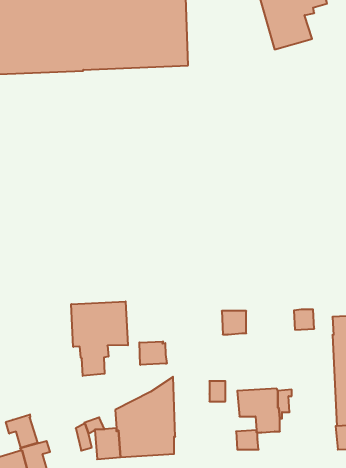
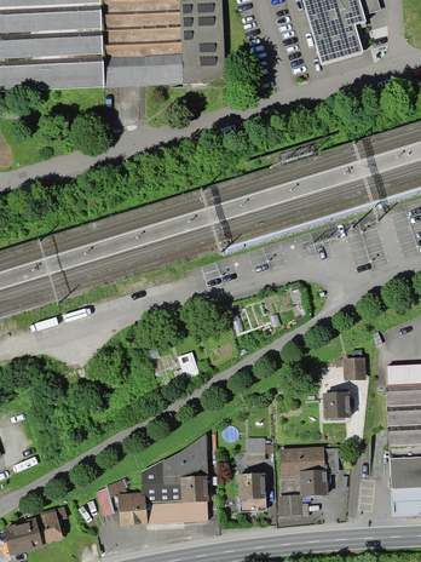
building: [71,301,128,376] -> none
building: [222,311,246,334] -> [322,392,350,419]
building: [139,341,167,365] -> none
building: none -> [236,472,265,512]
building: [6,414,37,448] -> none

